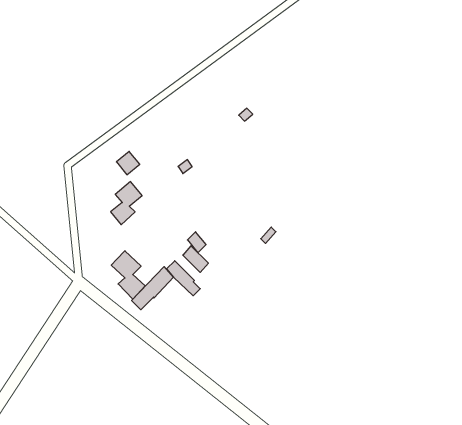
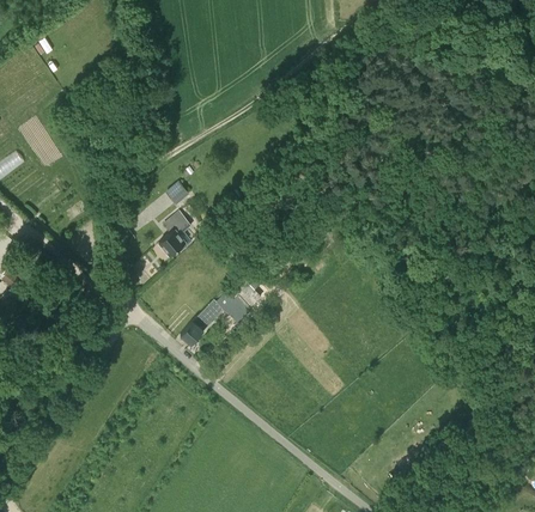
building: [111,251,145,299] -> none

